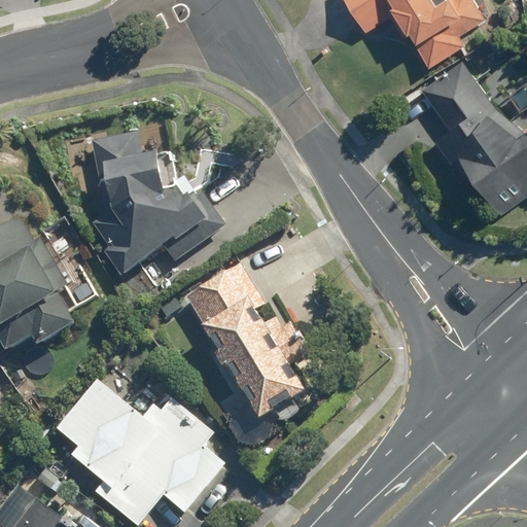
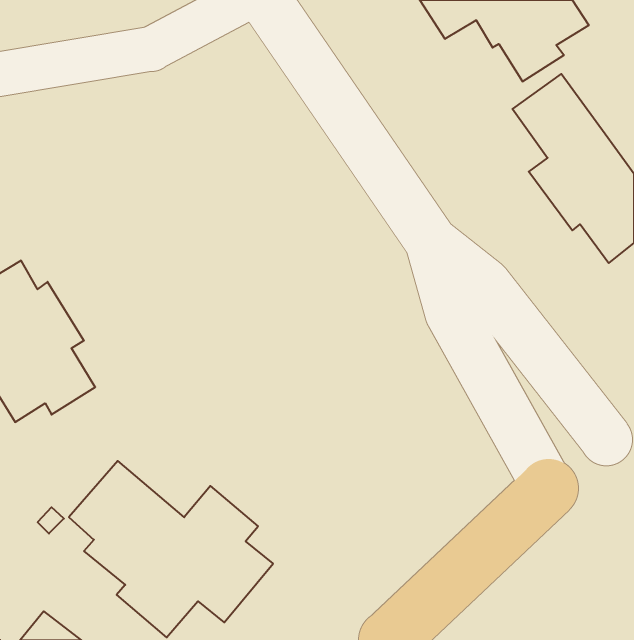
building: [92,133,225,276] -> none
building: [188,261,308,418] -> none

